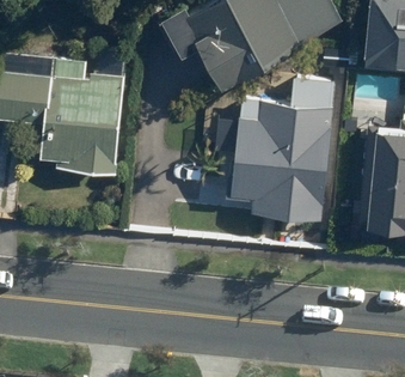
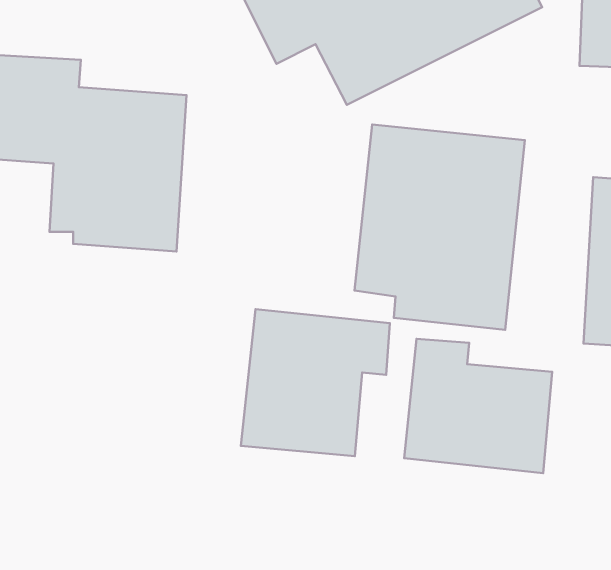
building: none -> [241,309,390,456]
building: none -> [404,339,552,473]

